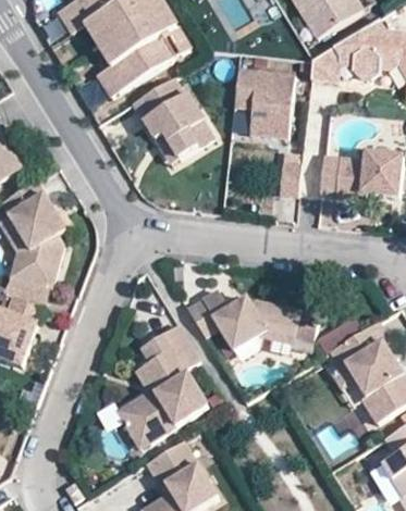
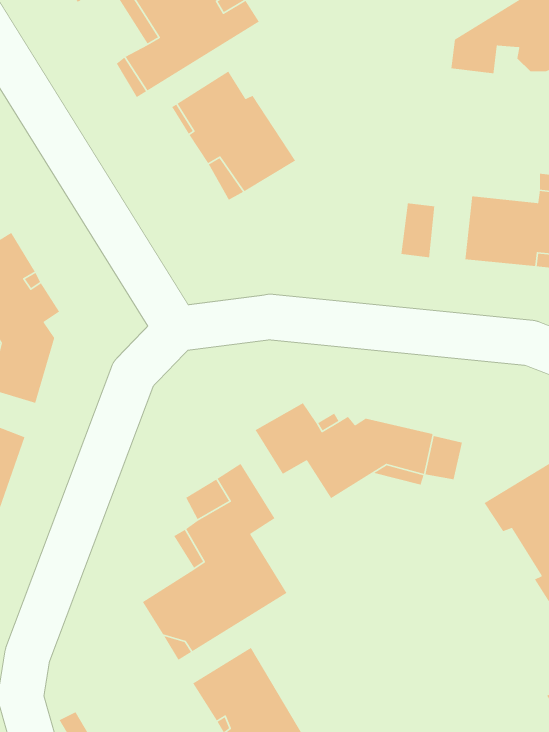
building: [233,71,294,138] -> none

